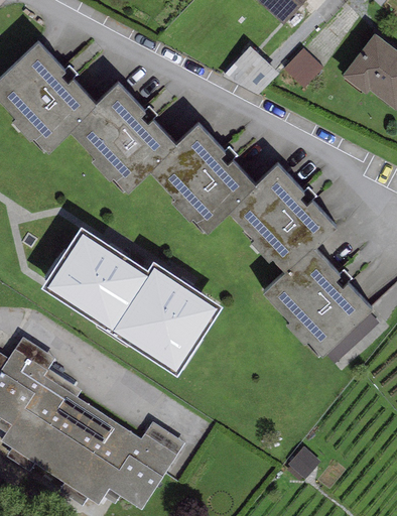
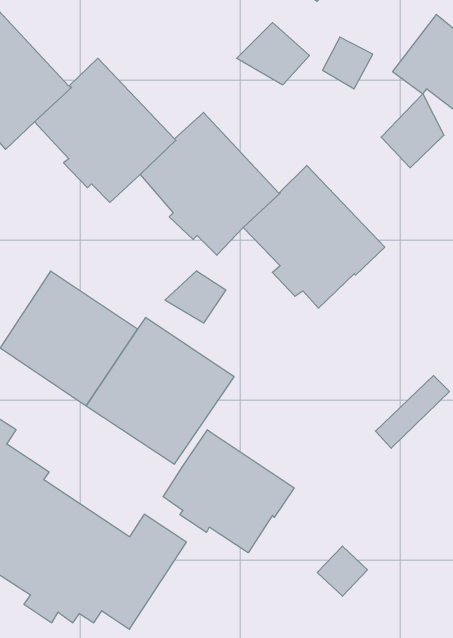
building: none -> [381,94,444,168]
building: none -> [165,271,226,323]
building: [261,237,372,348] -> none
building: none -> [163,430,294,553]

